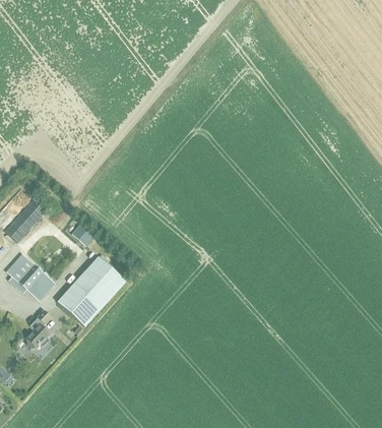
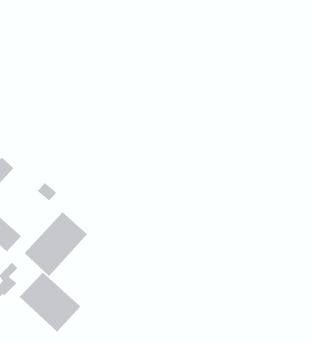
building: none -> [19,272,81,333]

